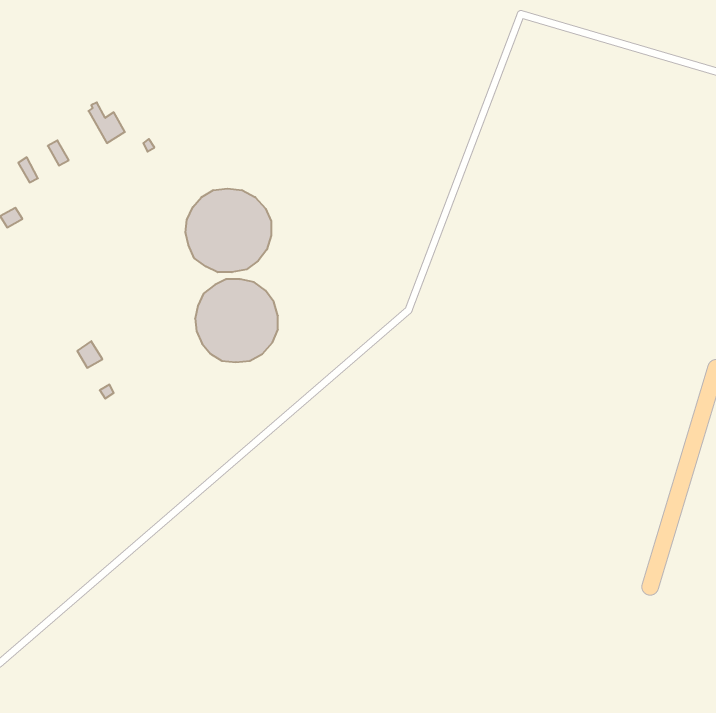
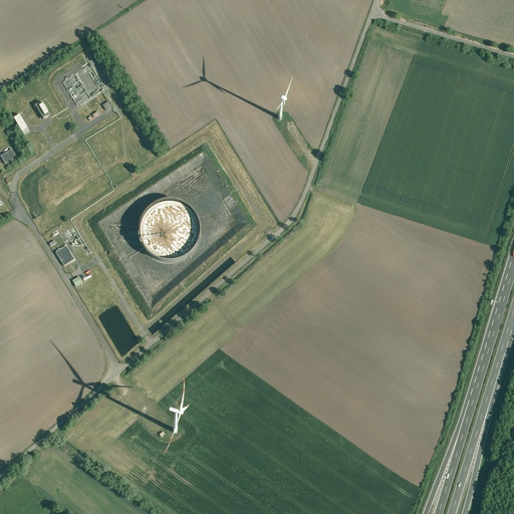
building: [186,189,271,272] -> none

